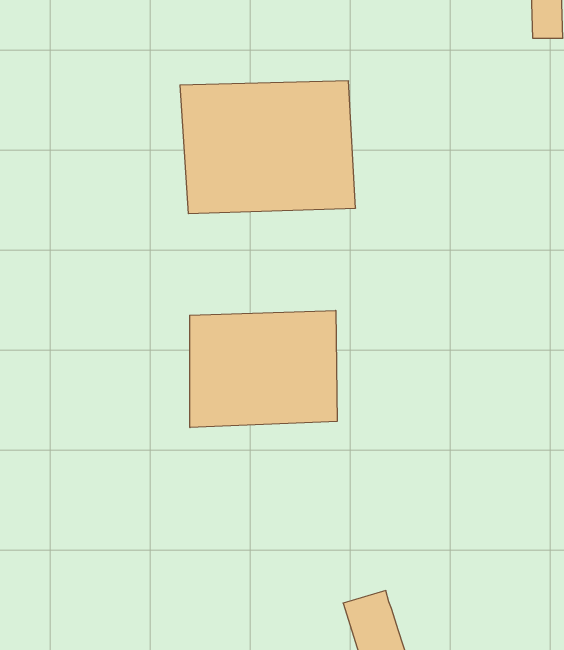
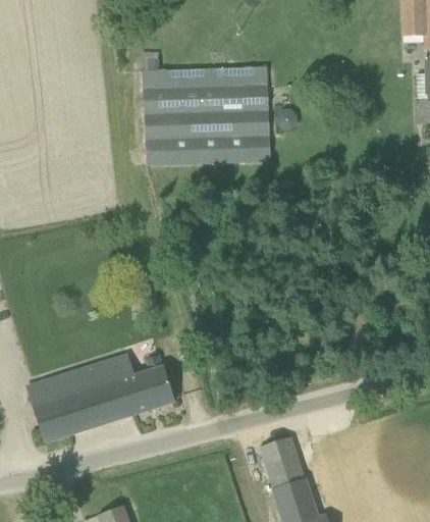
building: [190,310,337,428] -> none
building: none -> [28,353,173,441]

